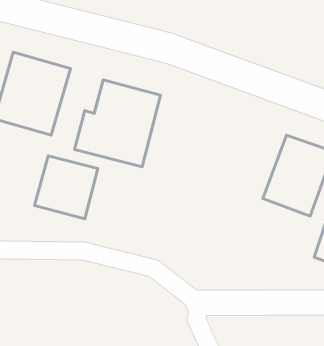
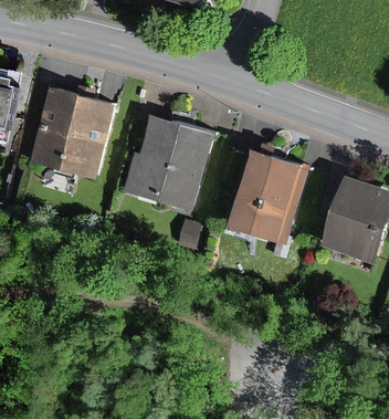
building: none -> [212,149,306,240]
building: [35,156,98,219] -> none

